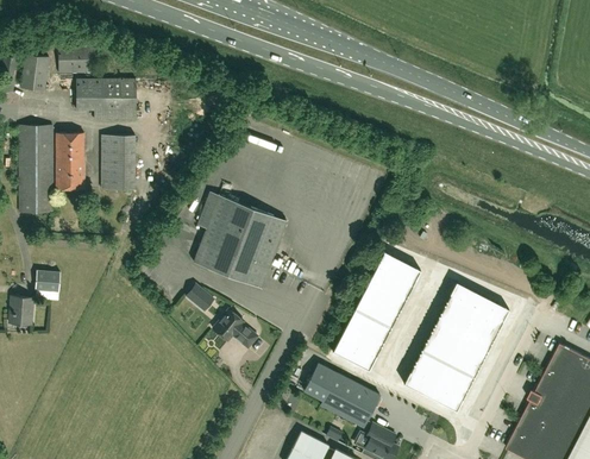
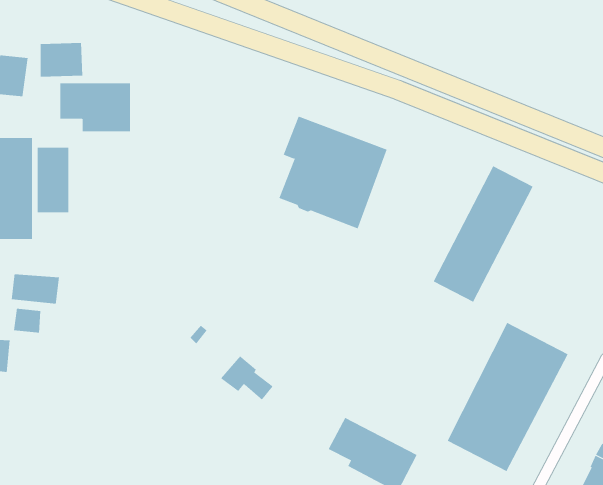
building: [100,134,134,189] -> none
building: [193,191,285,288] -> [279,116,388,229]
building: none -> [11,273,59,305]
building: [333,252,419,369] -> [433,165,534,302]

